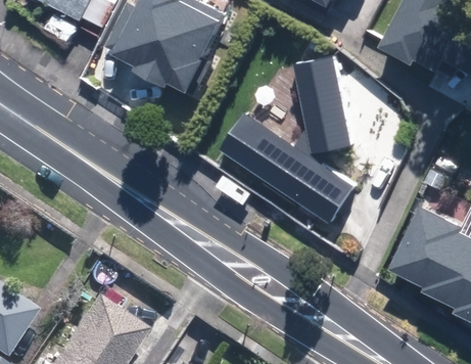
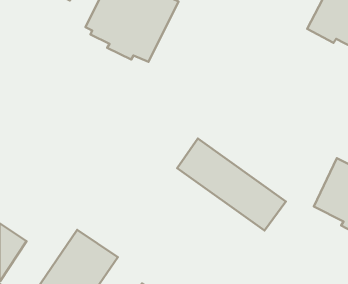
building: [298,57,349,152] -> none
building: [222,113,356,227] -> [177,138,286,231]

